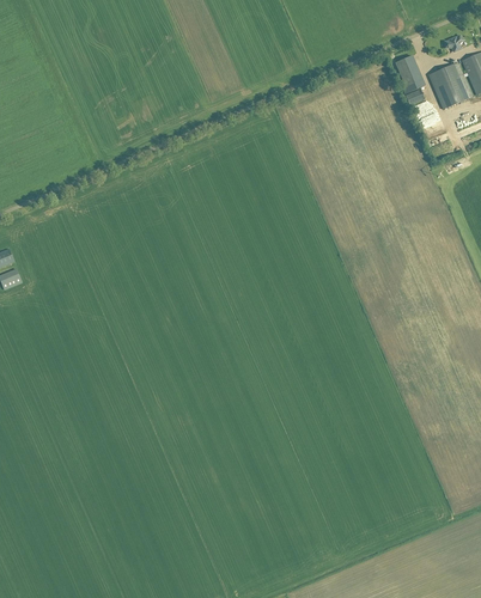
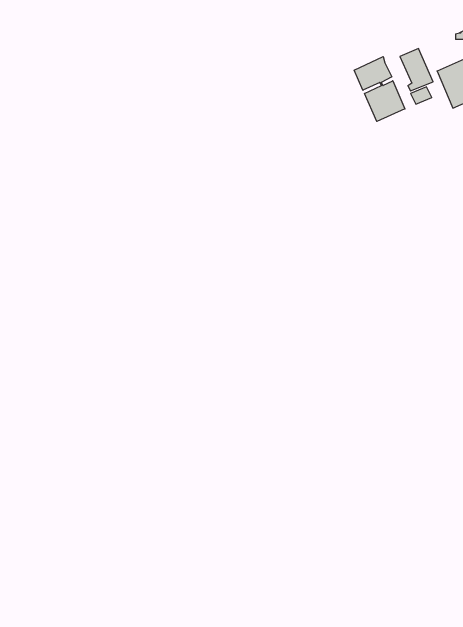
building: none -> [354,57,405,121]

